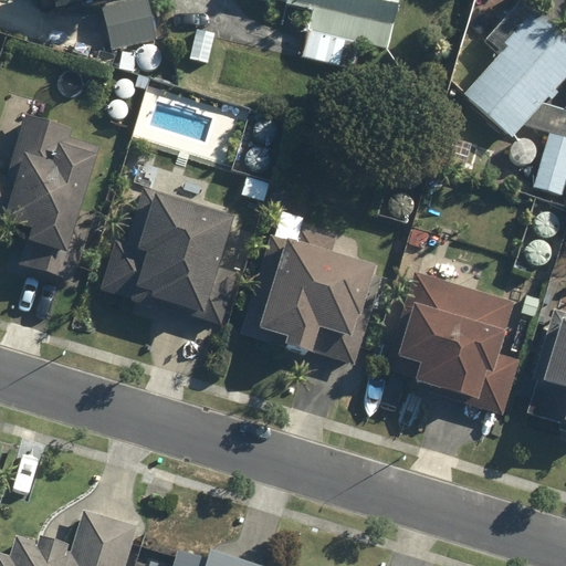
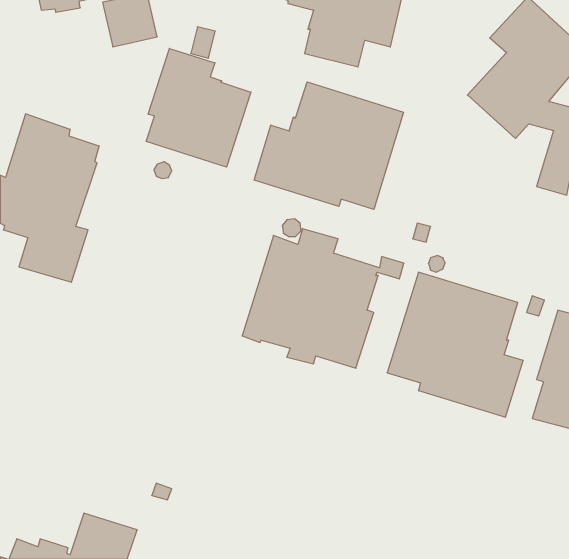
building: none -> [146,48,251,167]
building: none -> [254,82,404,209]
building: [102,186,237,324] -> none

